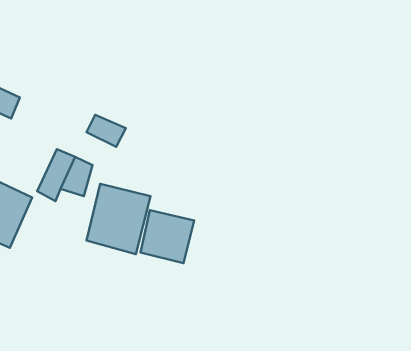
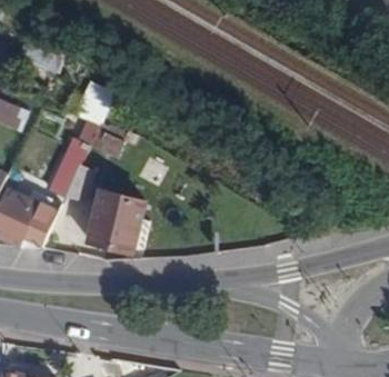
building: [141,210,194,263] -> none

